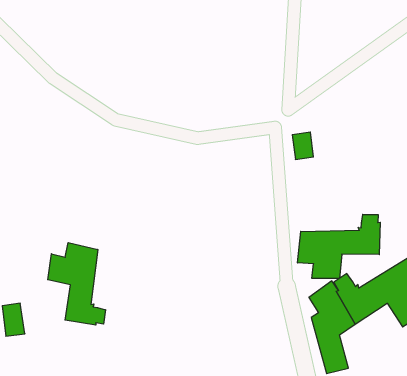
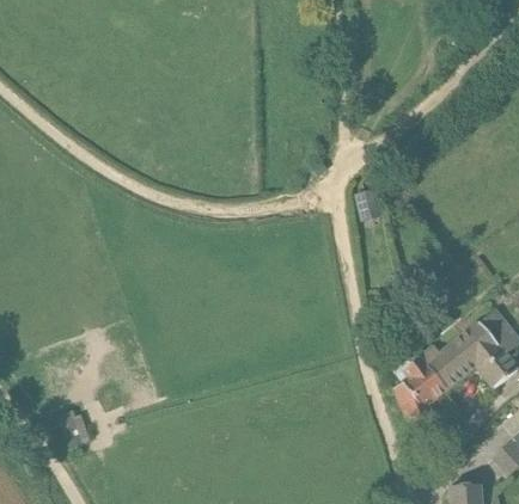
building: [298,214,380,278] -> none
building: [48,243,106,325] -> none

